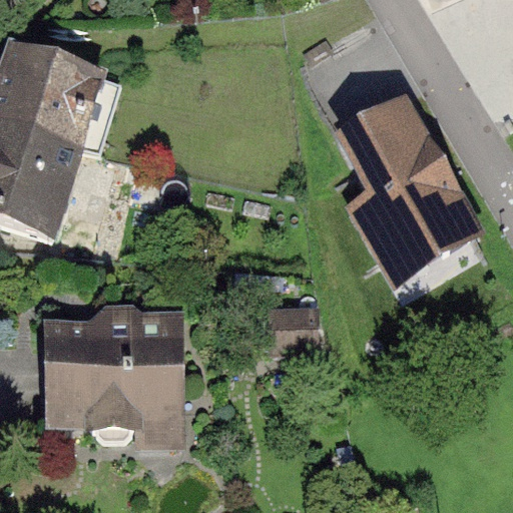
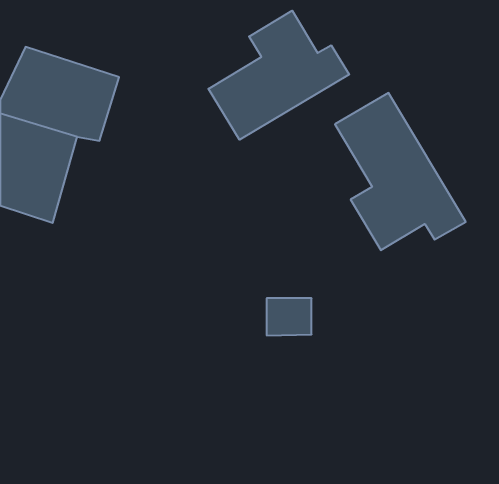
building: none -> [208,11,349,140]
building: [55,309,182,451] -> none

